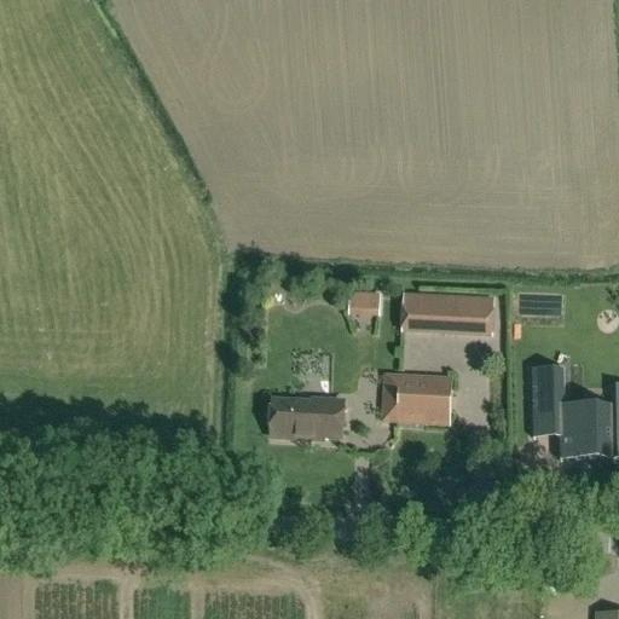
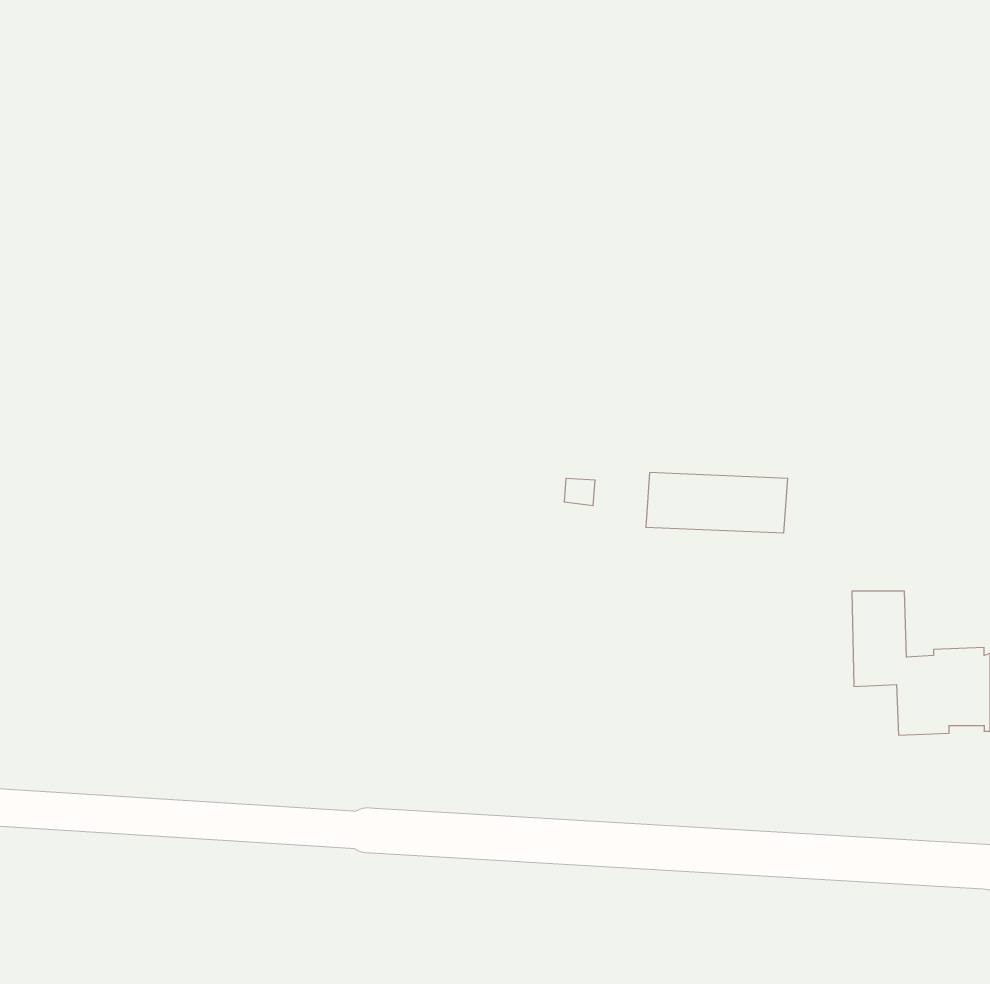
building: [397,371,450,421] -> none
building: [272,395,341,434] -> none

